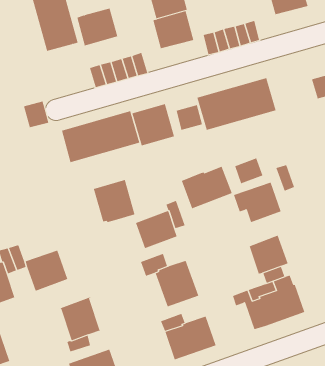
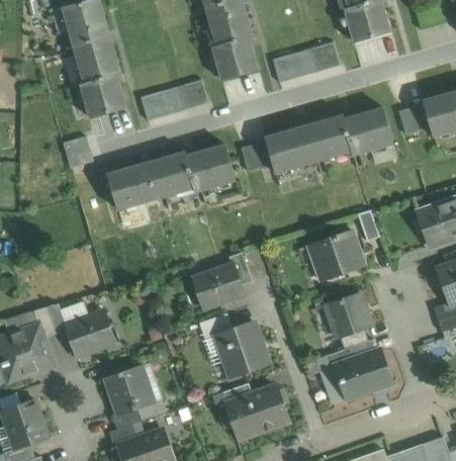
building: [76,8,118,46] -> [80,72,128,116]
building: none -> [347,103,396,152]
building: [234,158,263,184] -> none
building: [181,166,233,209] -> none
building: [93,179,135,223] -> none

